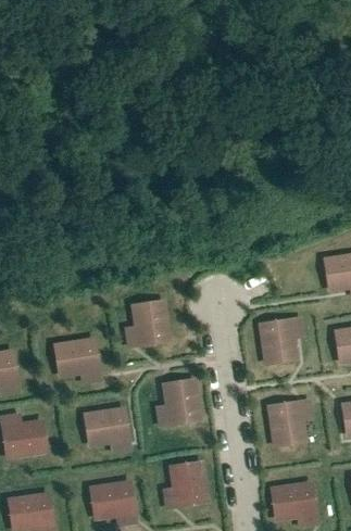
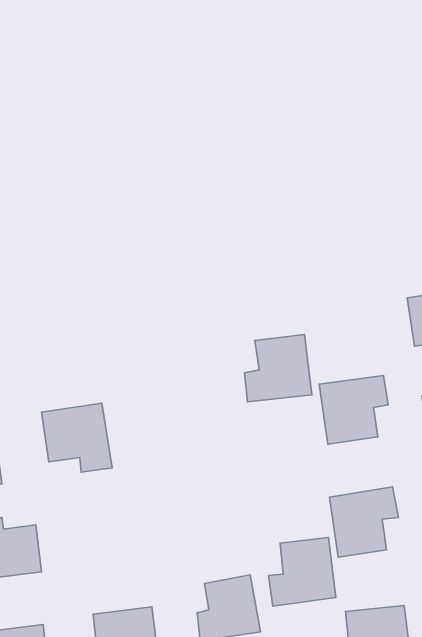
building: [121,299,171,349] -> [244,335,312,402]
building: [151,376,201,427] -> [268,537,336,606]
building: [80,404,133,455] -> none

